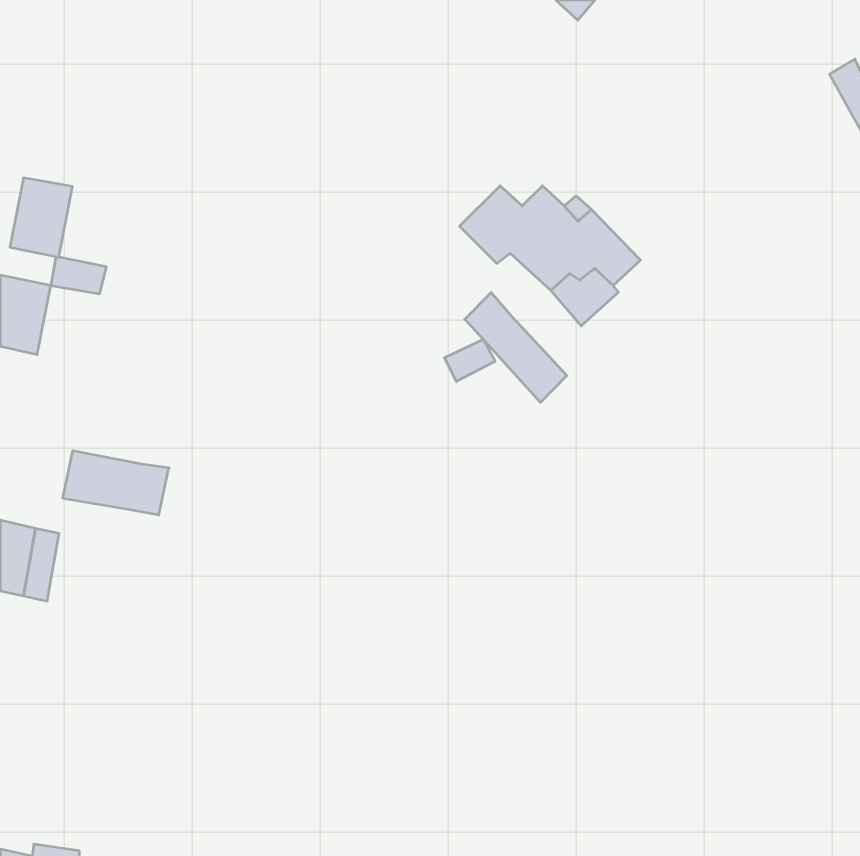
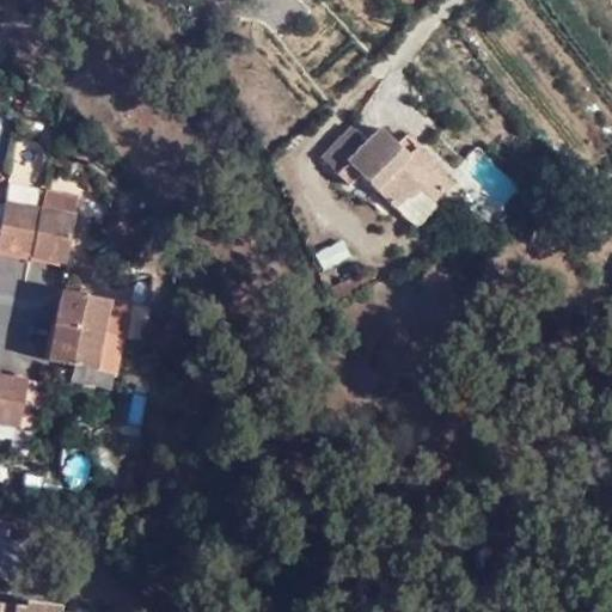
building: [10,178,72,257] -> [29,207,73,263]
building: [465,292,567,402] -> none
building: none -> [54,287,129,336]

